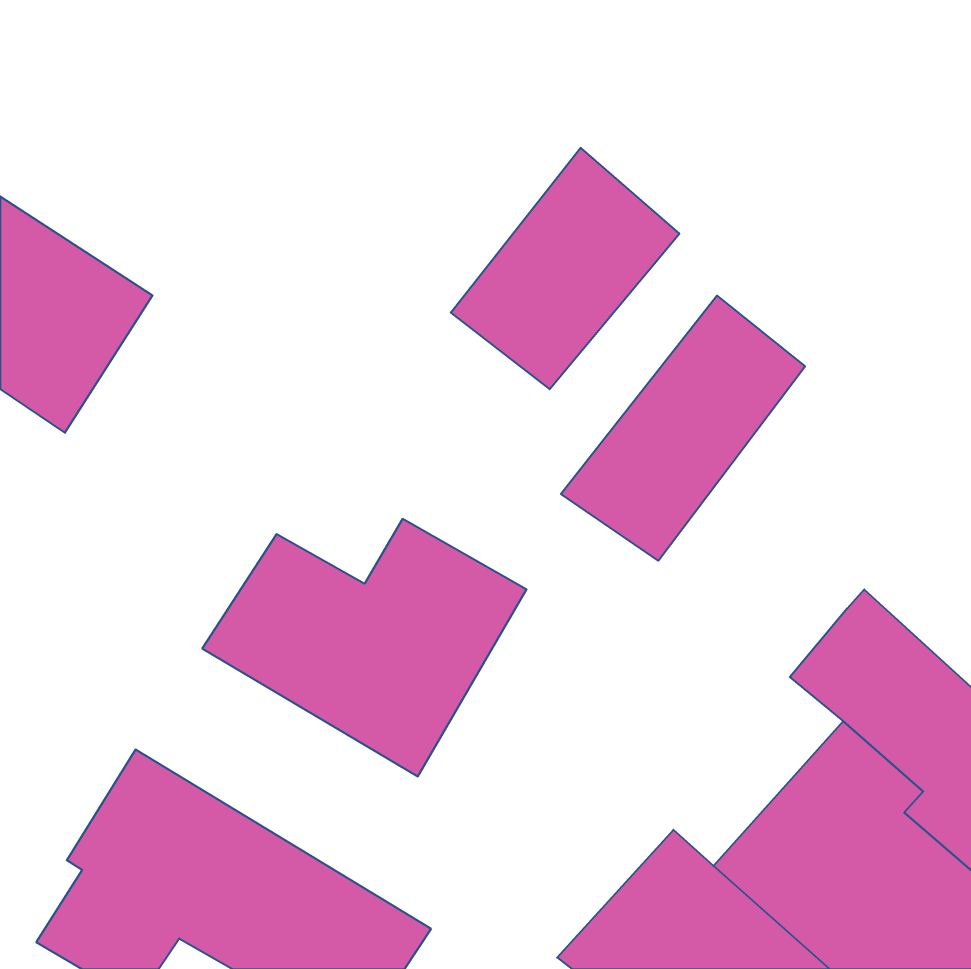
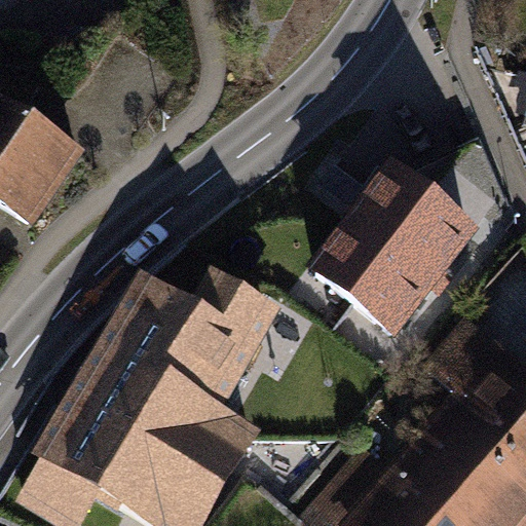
building: [451,148,679,389] -> none
building: none -> [356,197,475,332]
building: none -> [75,349,269,500]

